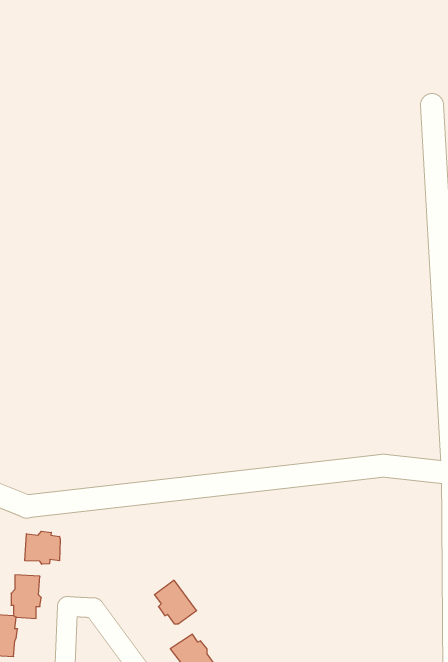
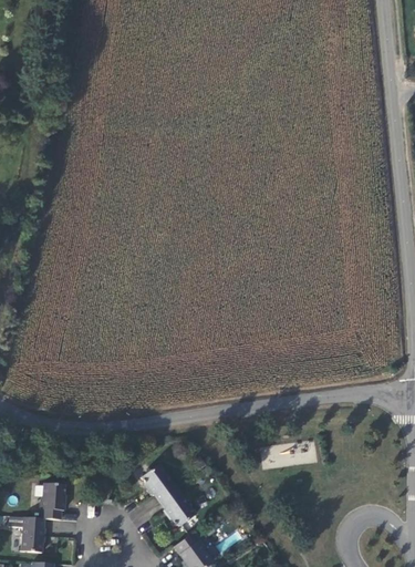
building: [25,531,60,564] -> none
building: none -> [139,464,175,501]

